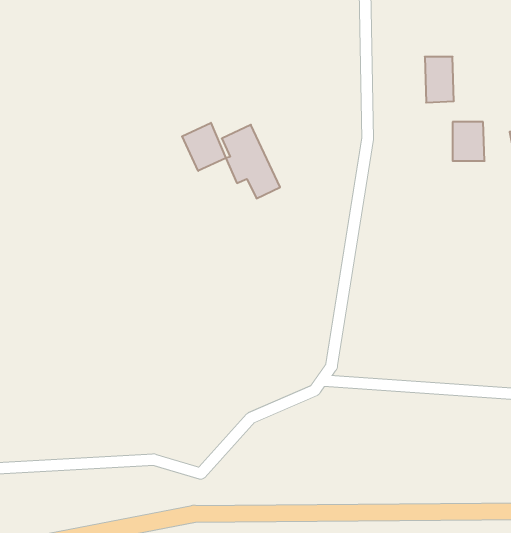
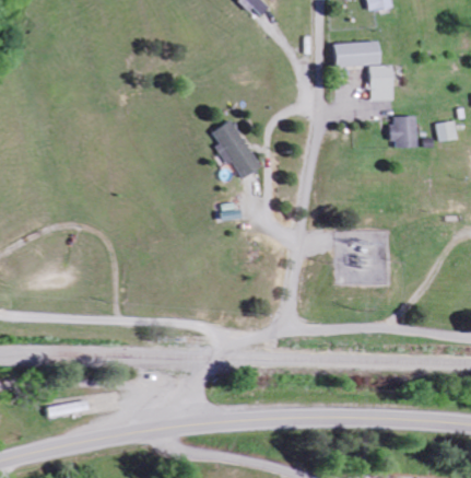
building: none -> [332,42,379,66]
building: [182,123,226,171] -> none

